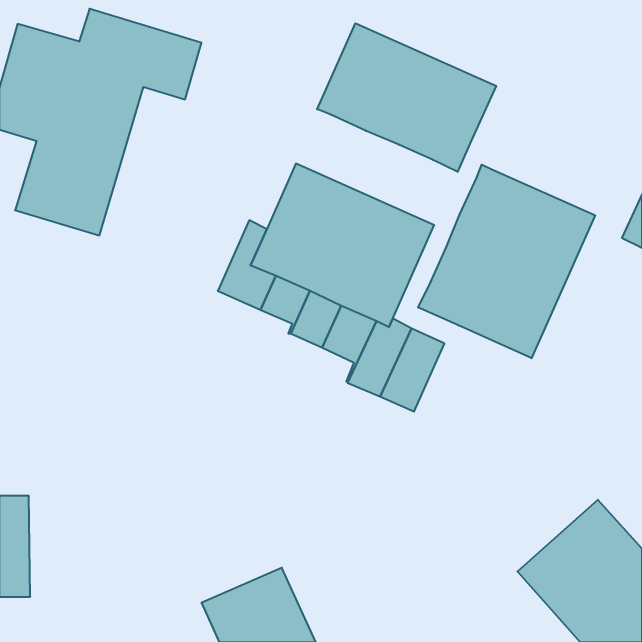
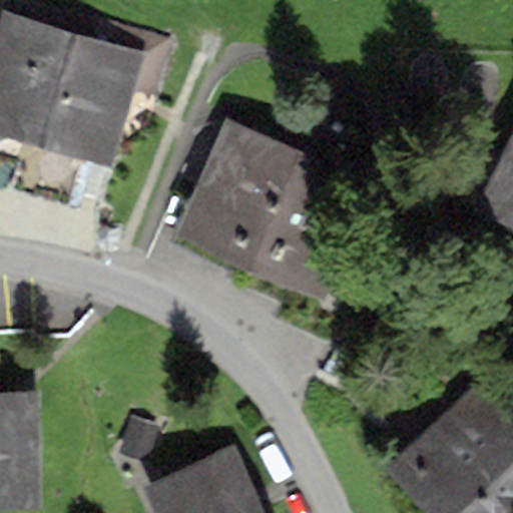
building: [317,23,496,172] -> none
building: [418,165,595,358] -> none

